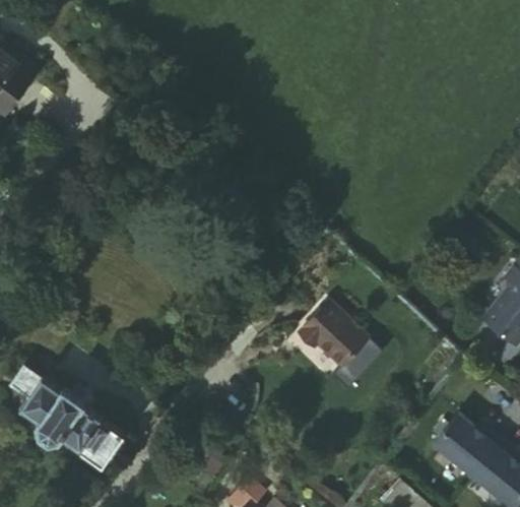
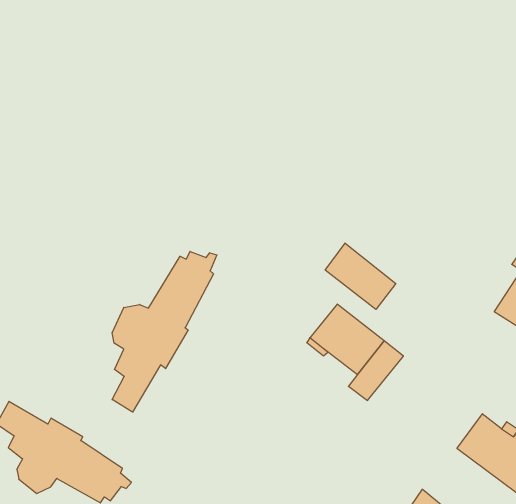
building: none -> [112,251,217,412]
building: none -> [325,243,396,309]

